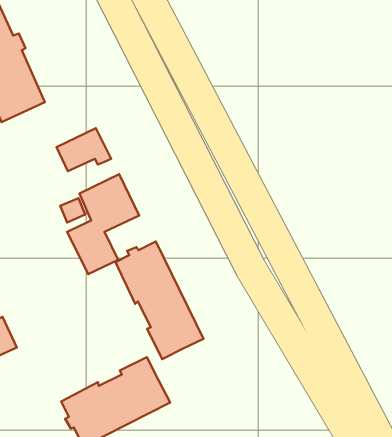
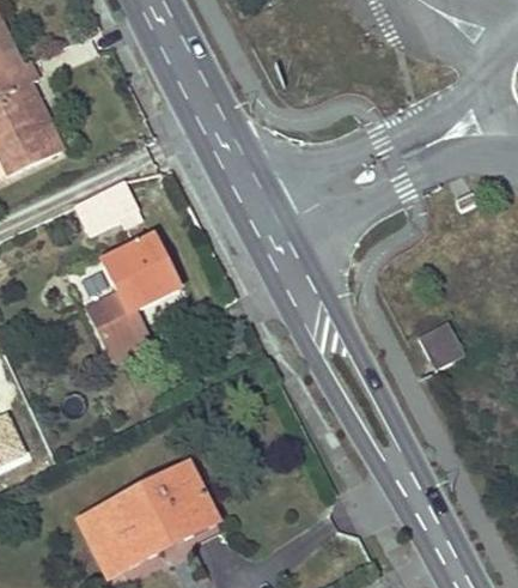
building: none -> [419,317,464,365]
building: [115,241,204,359] -> none

